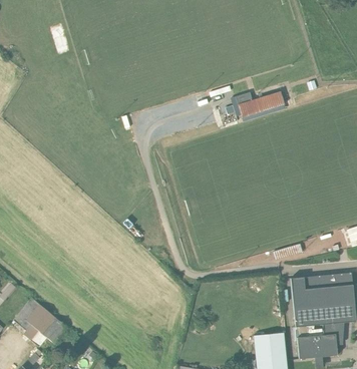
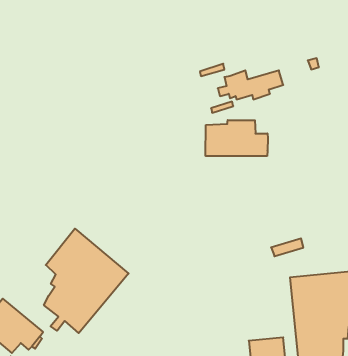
building: none -> [206,120,268,156]
building: none -> [44,229,129,333]

